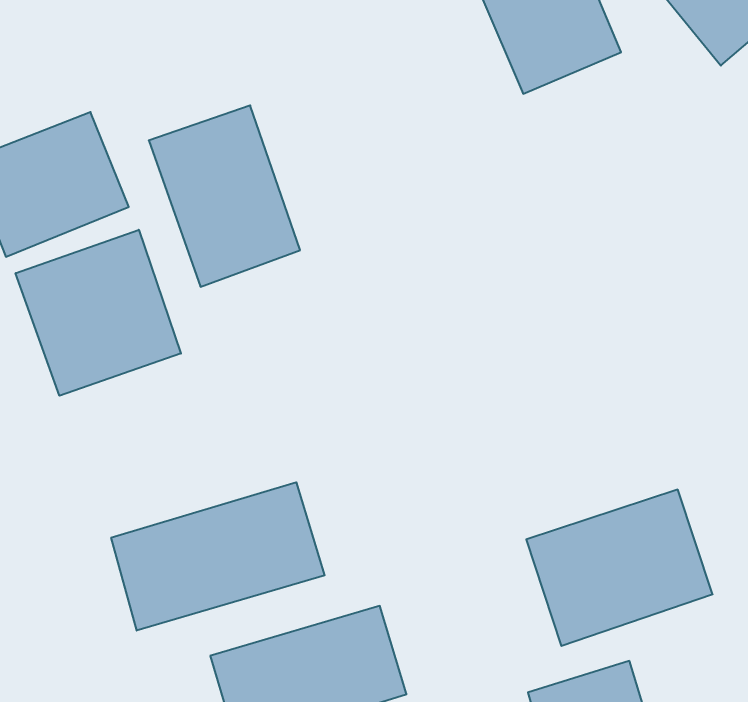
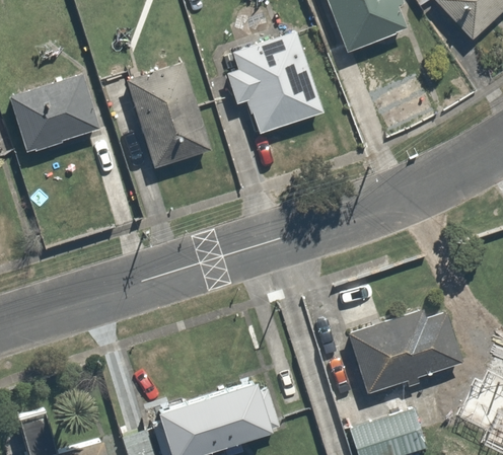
building: none -> [225,30,319,137]
building: [16,230,181,396] -> none
building: [111,482,325,631] -> none

